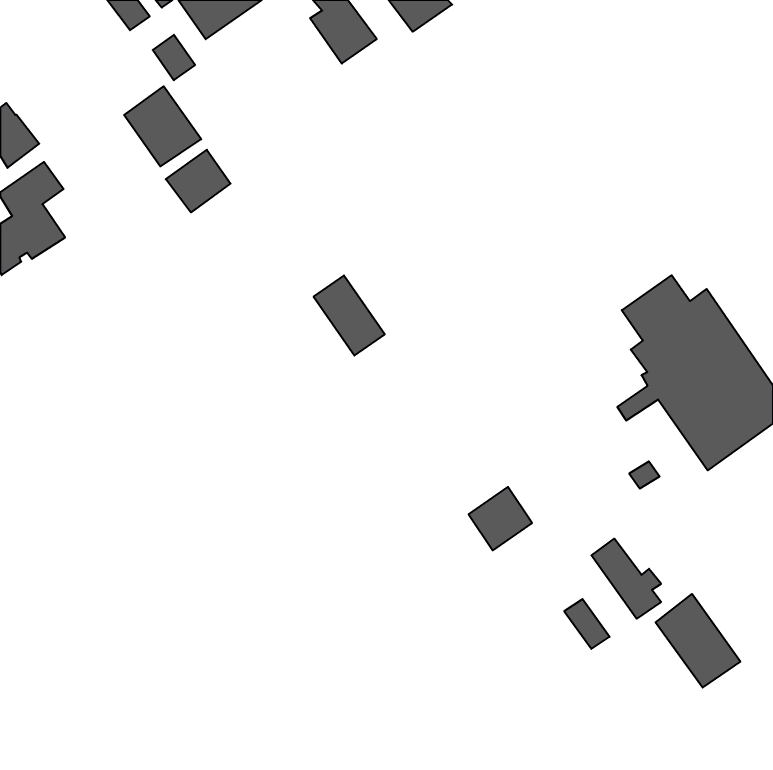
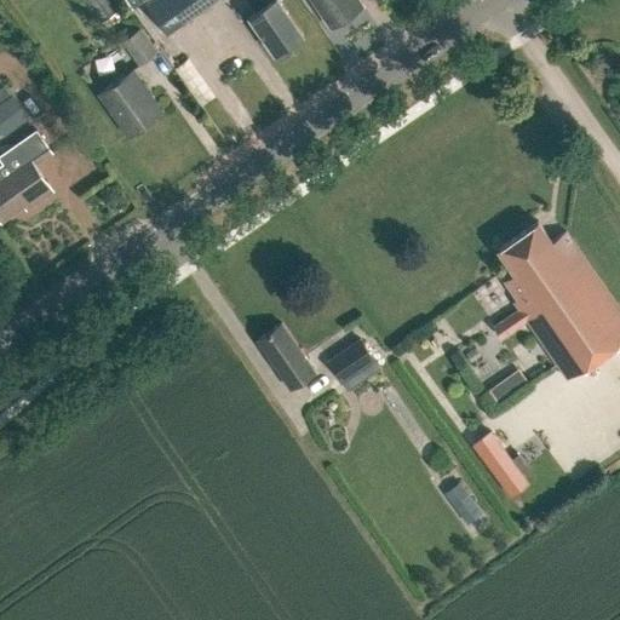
building: [166,150,231,212] -> none
building: [314,275,385,356] -> [257,325,314,389]
building: [469,487,532,550] -> [328,340,379,391]
building: [656,594,740,688] -> none

